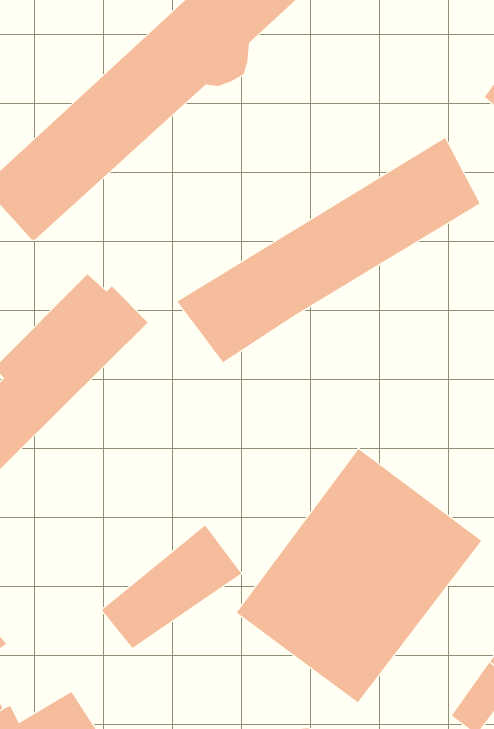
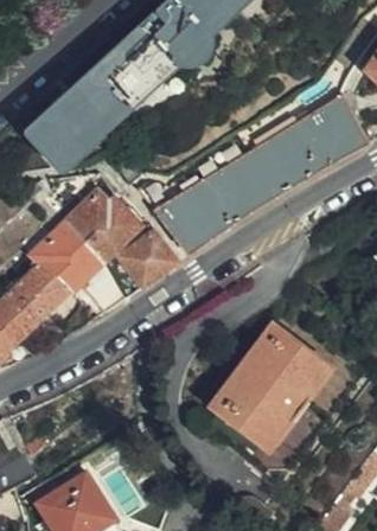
building: [101,525,242,649] -> [83,228,179,312]

